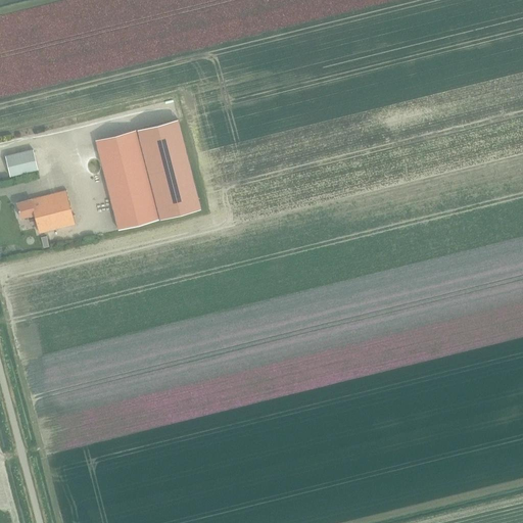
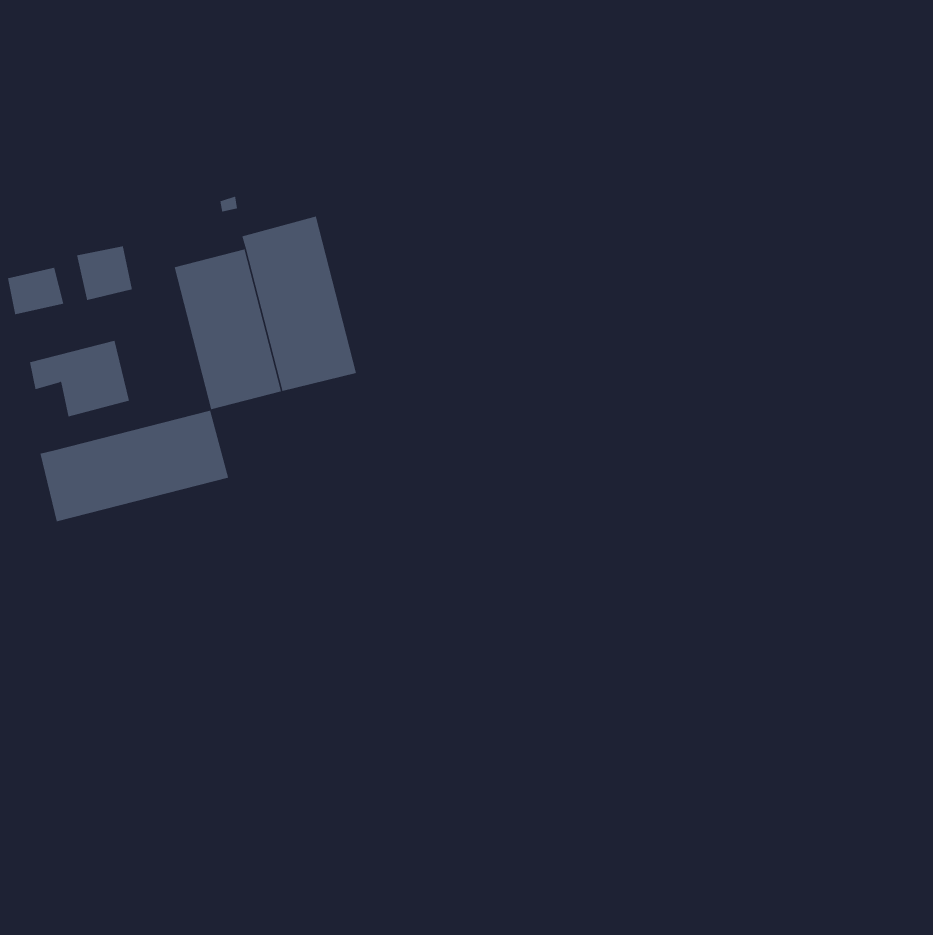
building: none -> [76,245,133,301]
building: none -> [40,410,229,522]

